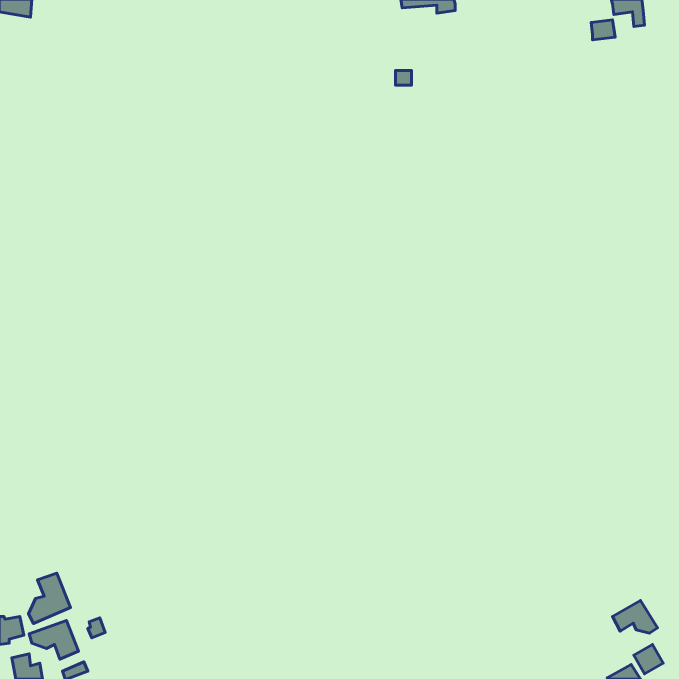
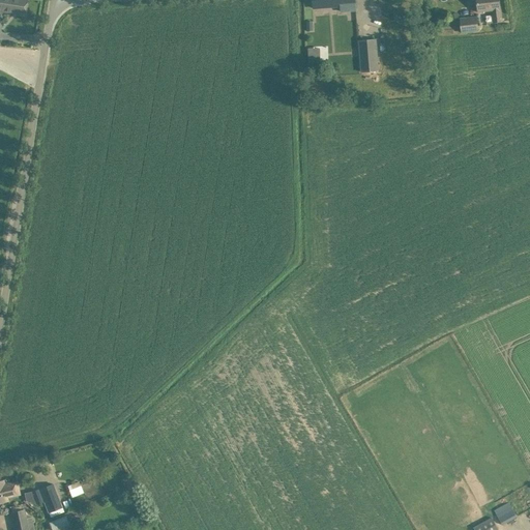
building: none -> [357,37,378,71]
building: [29,573,70,624] -> none
building: [613,600,657,633] -> none

